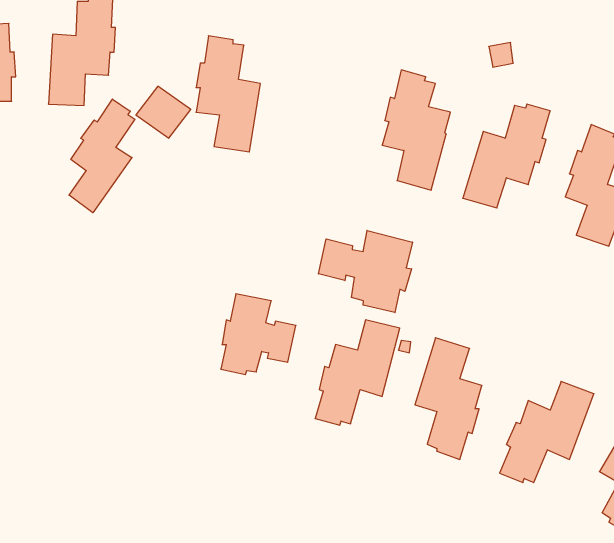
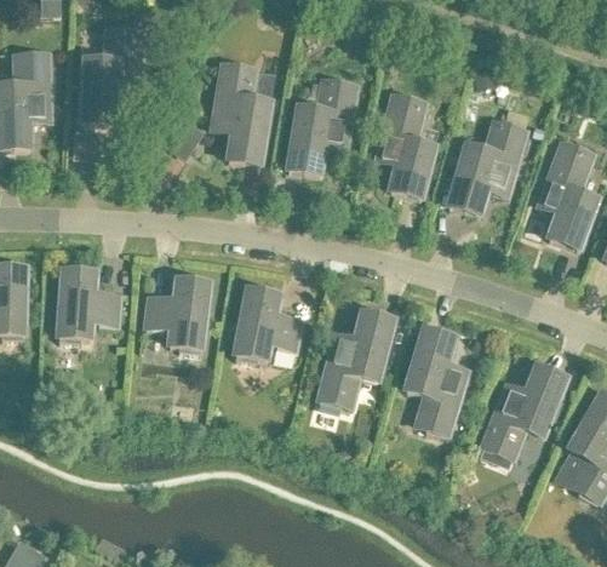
building: none -> [288,79,355,173]
building: [69,99,135,213] -> none
building: [319,230,412,313] -> none
building: none -> [56,270,119,340]
building: none -> [145,280,208,351]

